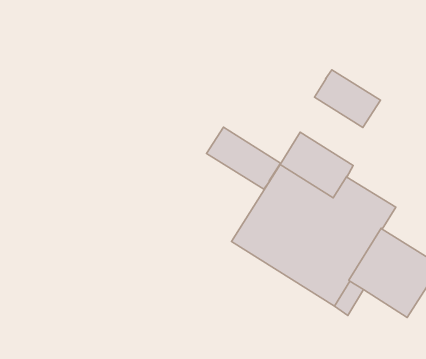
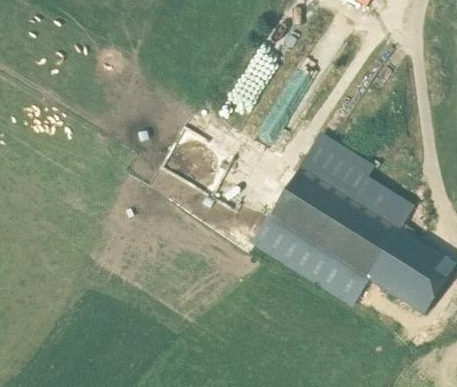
building: [314,70,380,128] -> none
building: [207,127,281,189] -> none

